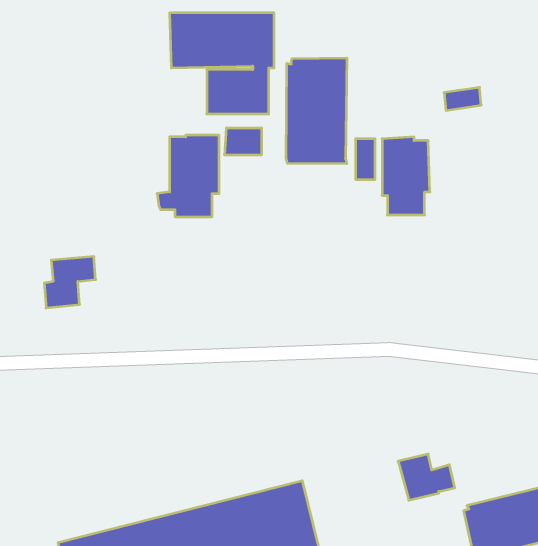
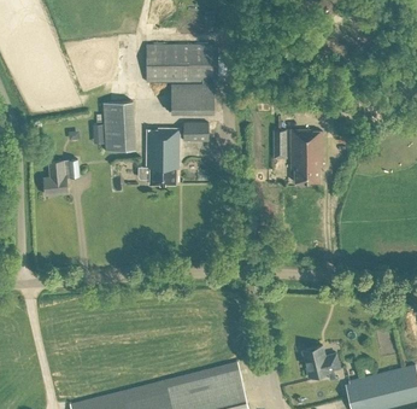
building: [286,58,347,164] -> none
building: none -> [102,101,135,151]
building: [44,257,96,308] -> [43,159,78,194]

